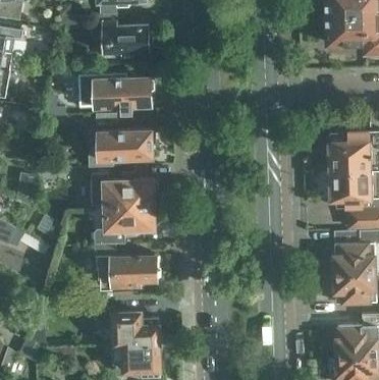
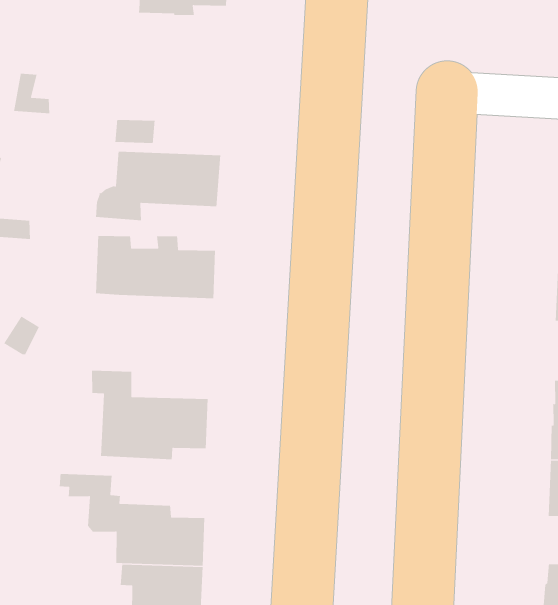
building: [76,72,150,112] -> none
building: [92,204,154,246] -> none

